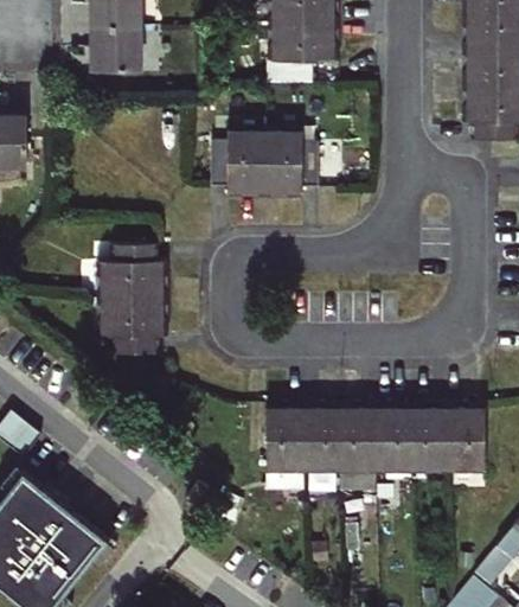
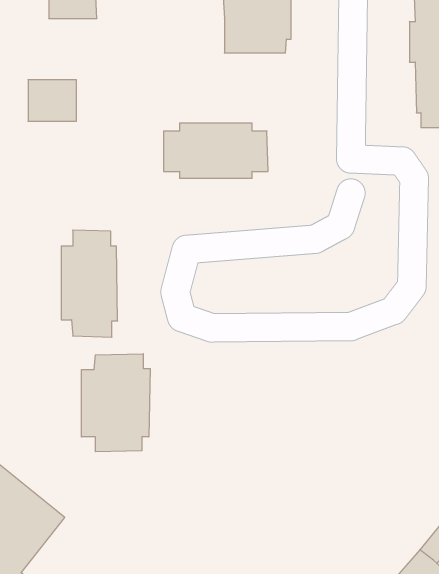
building: [91,27,141,70] -> [28,80,76,121]
building: none -> [81,354,150,452]
building: [268,408,486,468] -> none

